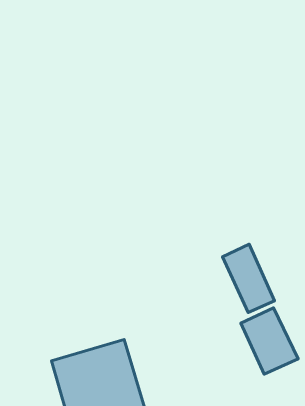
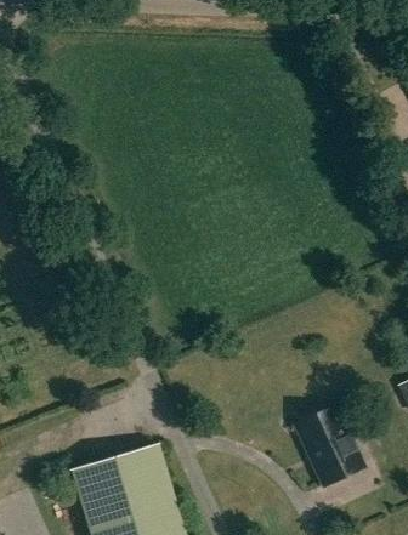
building: [222,244,274,312] -> none

